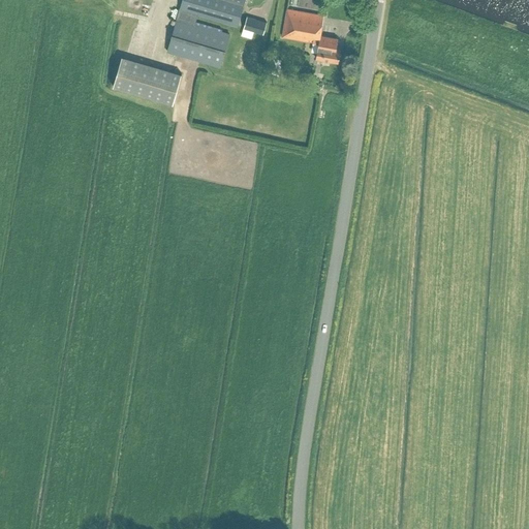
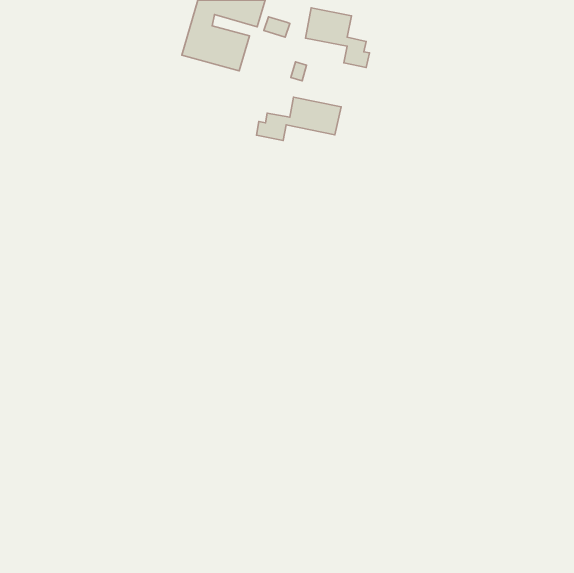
building: [114,57,182,103] -> none
building: none -> [257,97,341,140]

